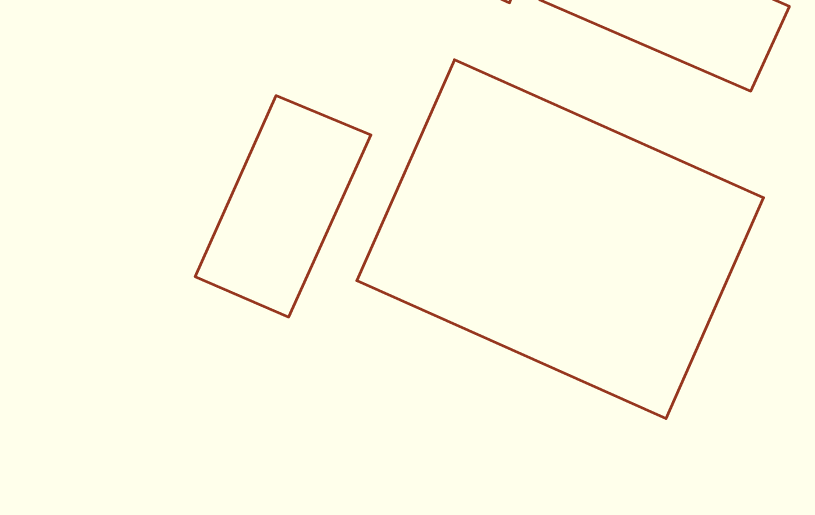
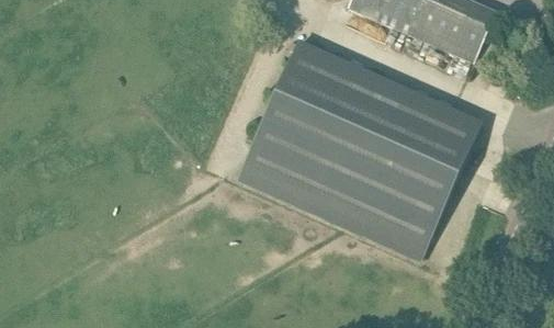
building: [195,96,371,317] -> none

